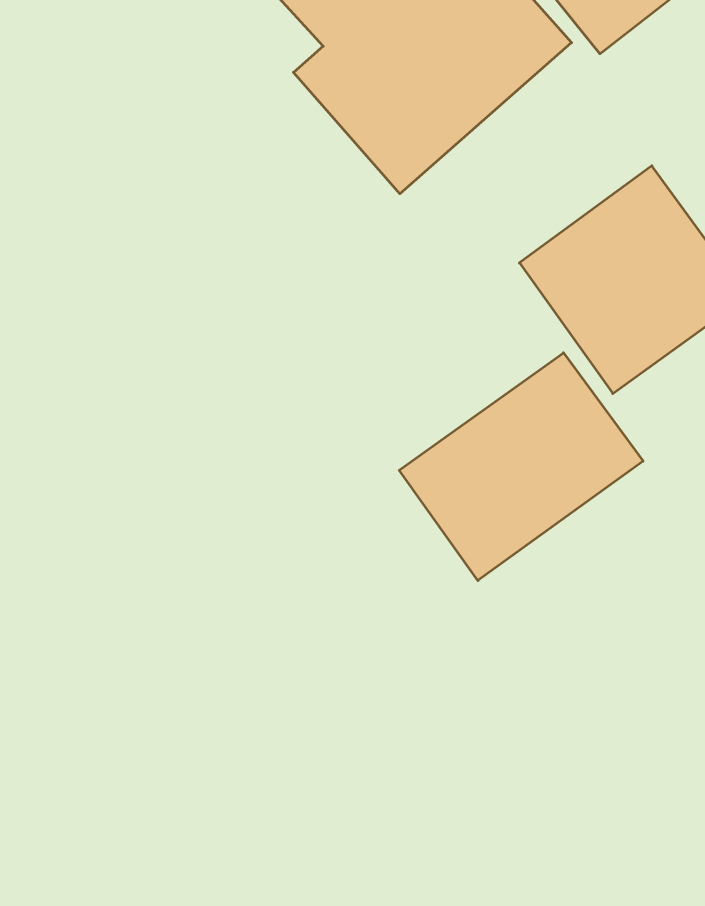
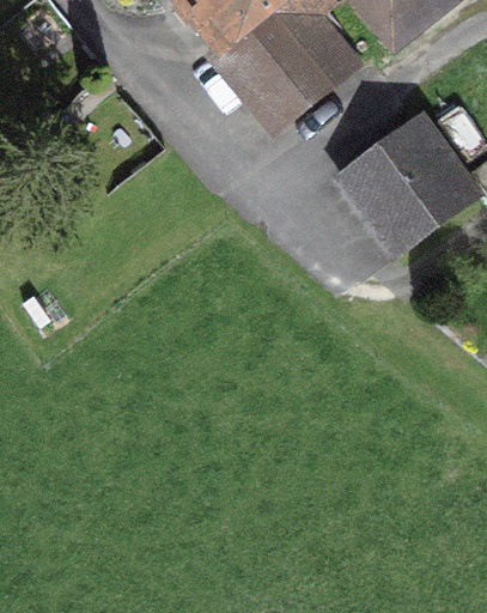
building: [399,353,643,581] -> none

